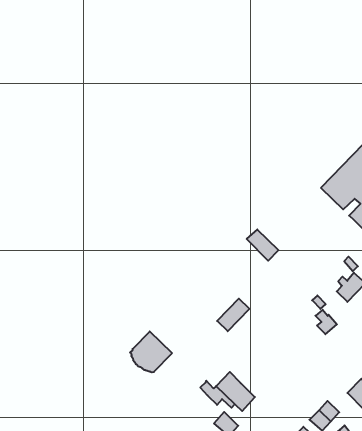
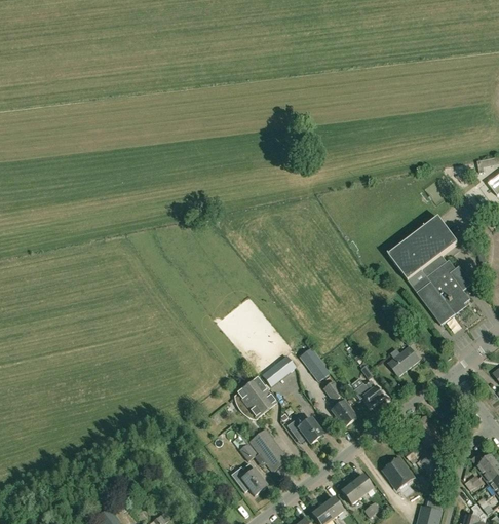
building: [247,229,278,261] -> [299,347,330,381]
building: none -> [323,380,356,426]
building: [130,331,172,372] -> [234,377,277,419]
building: none -> [287,418,322,444]

